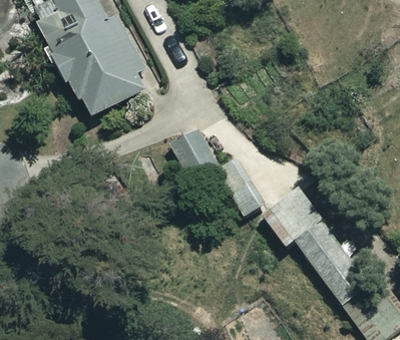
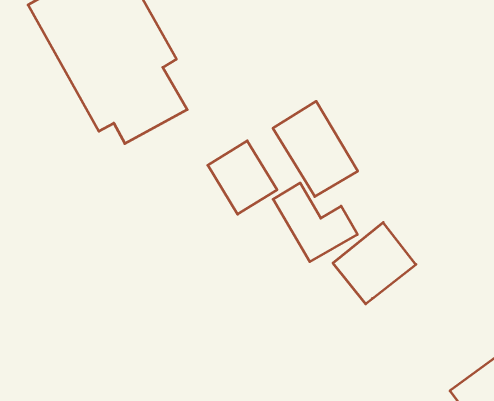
building: none -> [273,101,358,197]
building: [289,216,368,300] -> none

